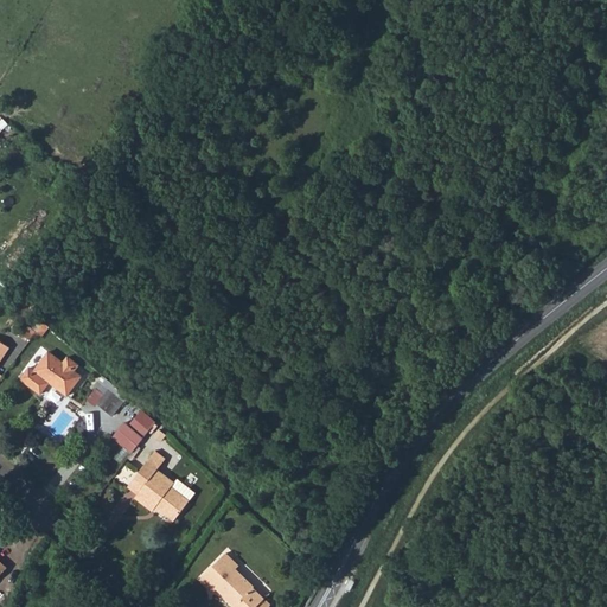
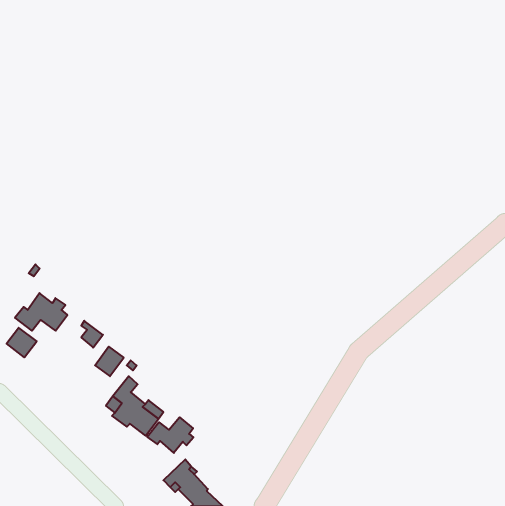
building: none -> [7,328,37,357]
building: none -> [147,417,193,453]

